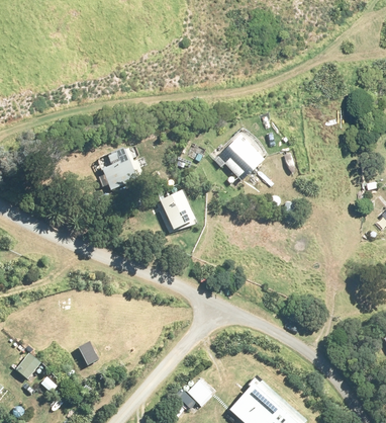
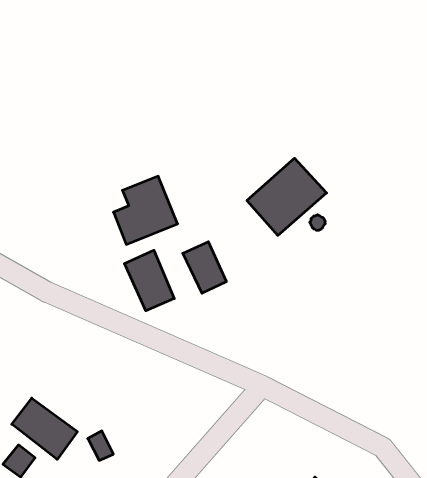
building: none -> [124,250,174,311]
building: none -> [12,398,77,459]

